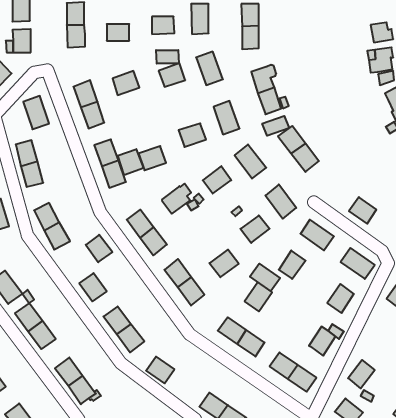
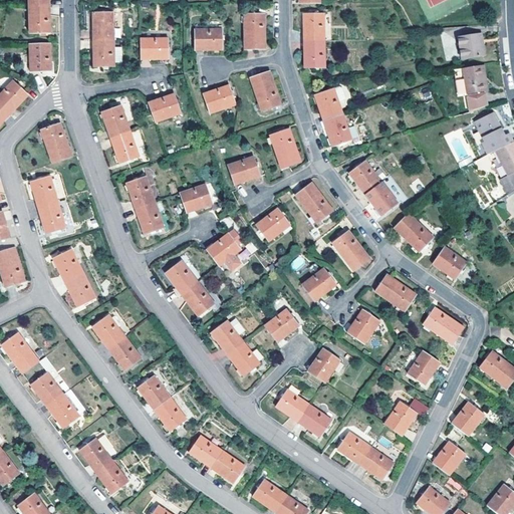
building: [156,50,179,64] -> none
building: [262,116,289,136] -> none
building: [118,149,144,175] -> none
building: none -> [394,212,434,251]
building: [86,235,112,262] -> [93,315,125,348]
building: [250,264,280,291] -> none
building: none -> [451,402,484,436]
building: none -> [211,452,245,484]

